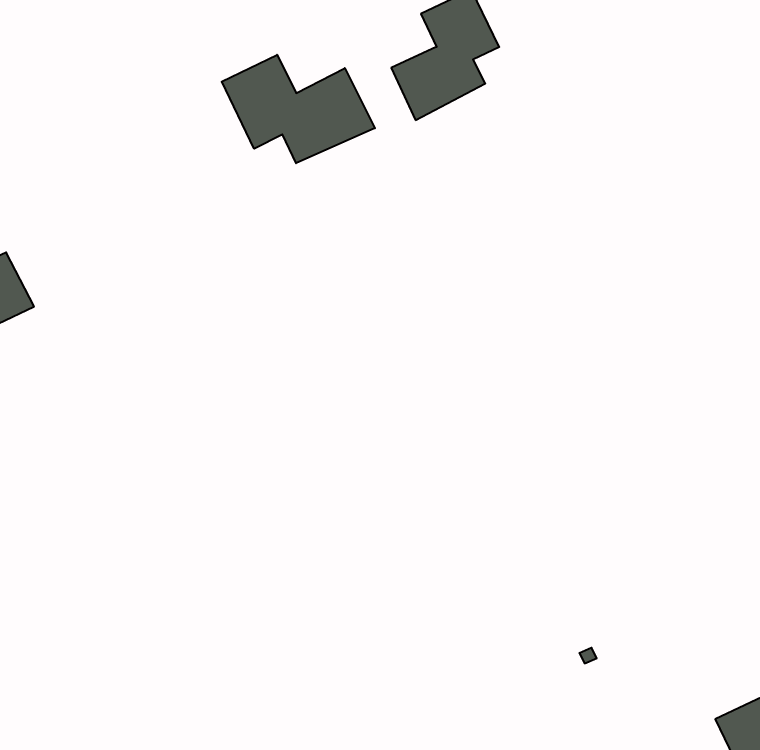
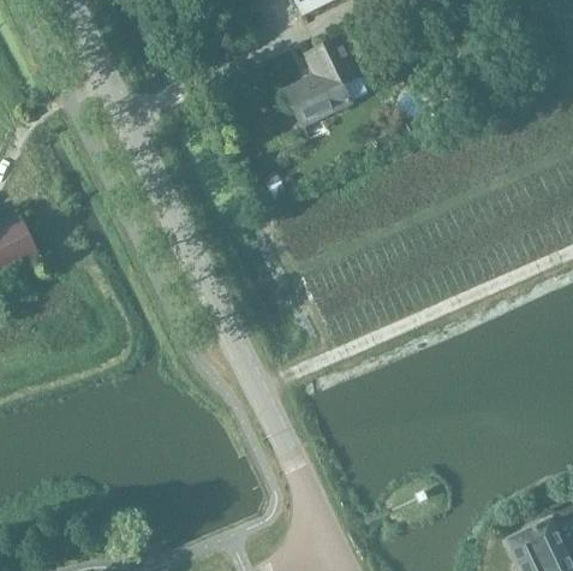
building: [222,55,375,163] -> none

